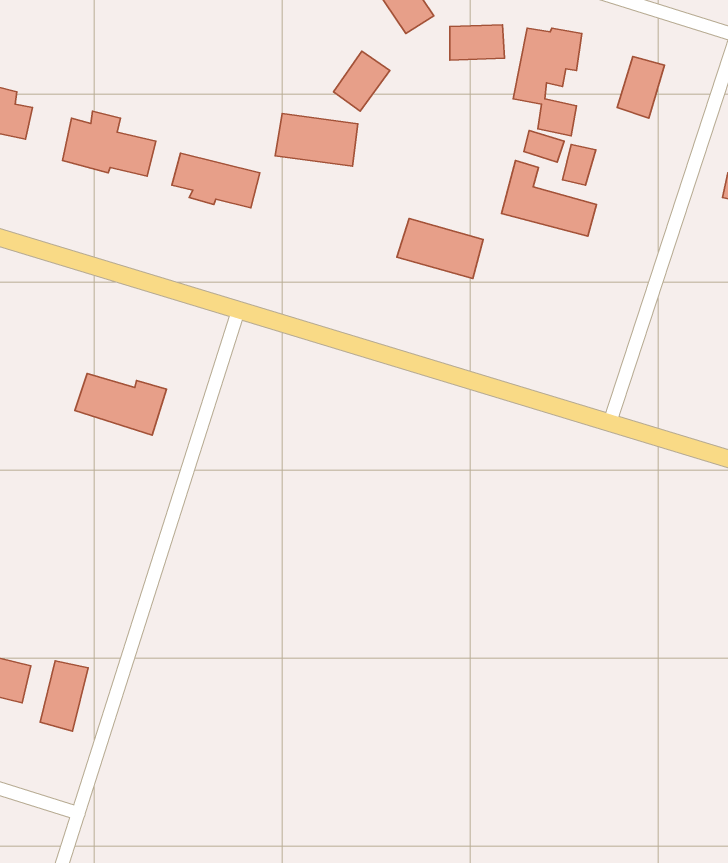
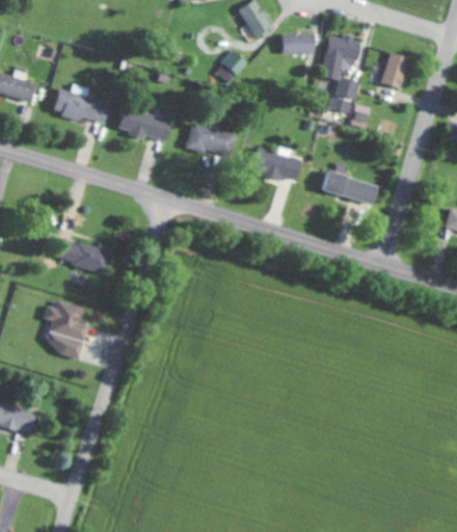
building: [275,113,358,166] -> [185,124,234,155]
building: [502,161,597,236] -> [324,160,380,205]
building: none -> [43,300,87,356]
building: [40,661,88,731] -> none

